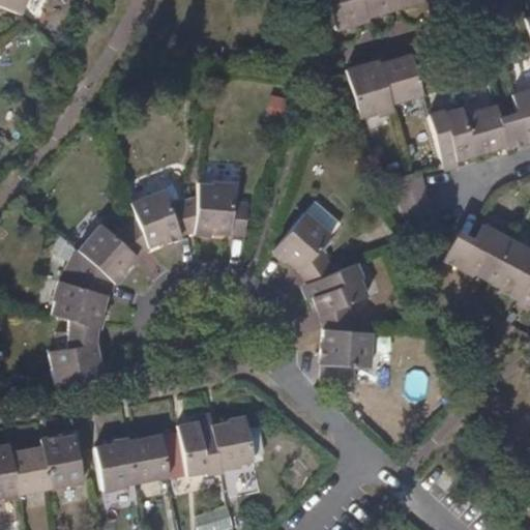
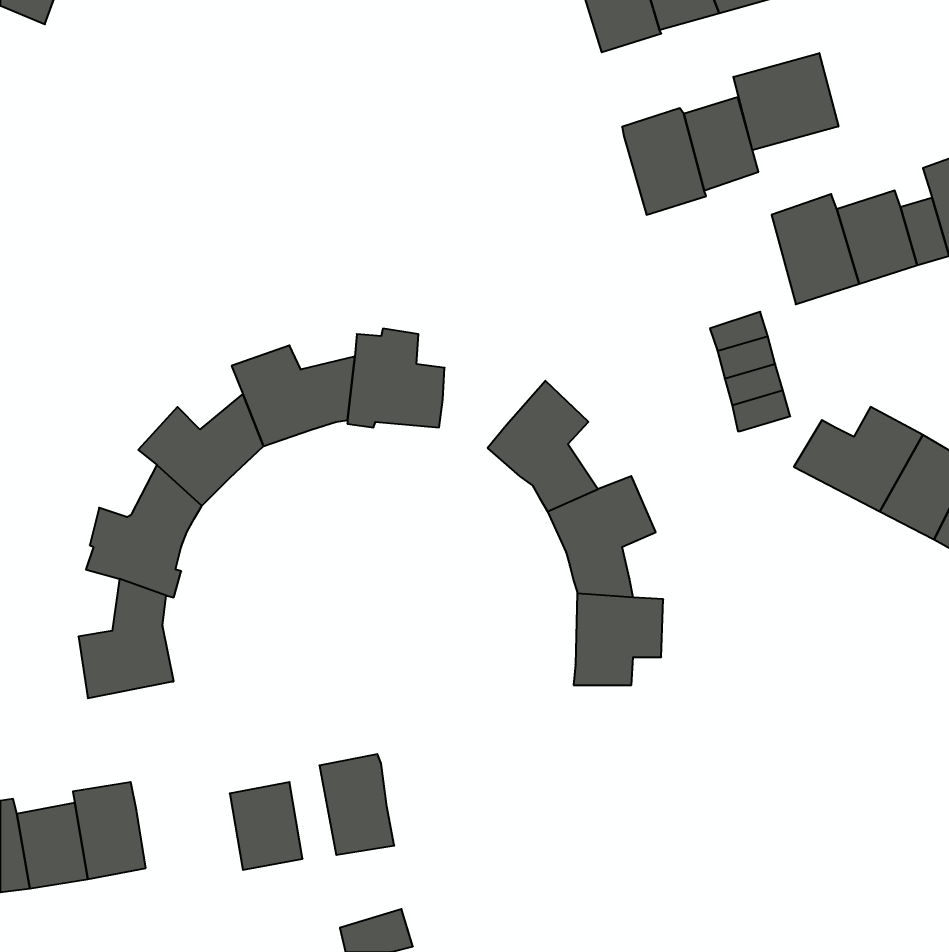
building: none -> [733,53,838,150]
building: [214,415,256,469] -> none
building: [97,437,138,491] -> none

